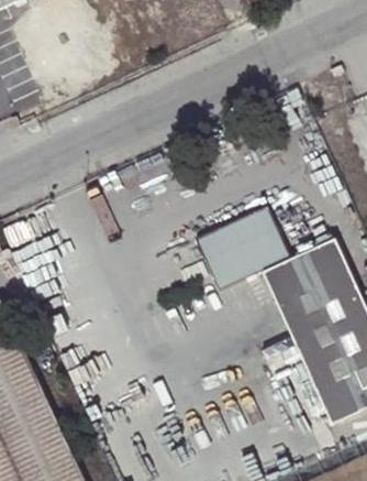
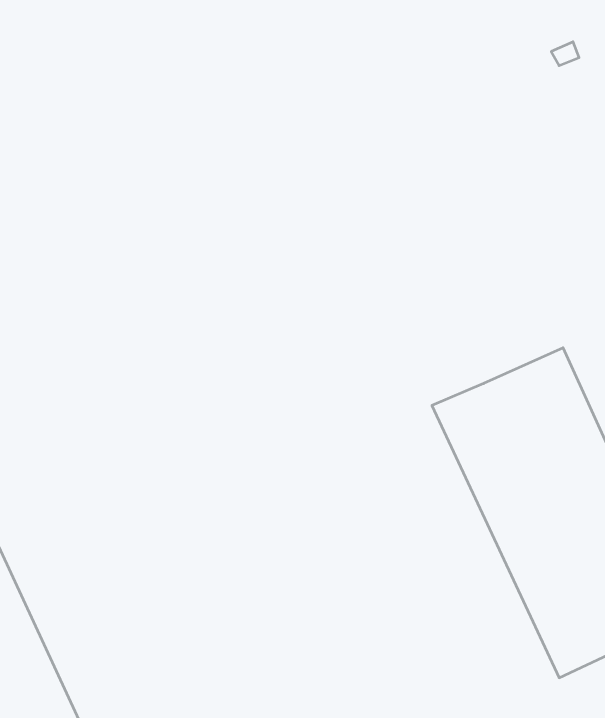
building: [194,207,291,291] -> none

